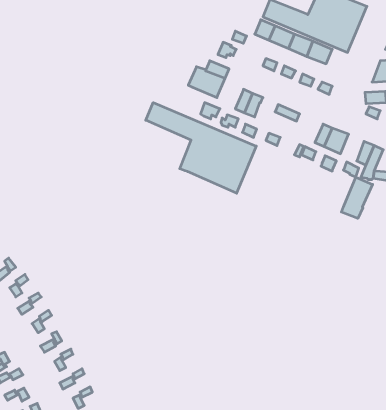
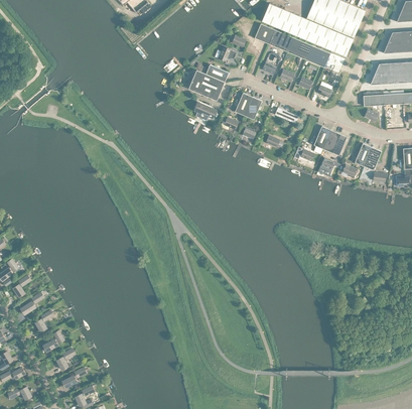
building: [146,103,256,193] -> none
building: [341,177,373,218] -> none

